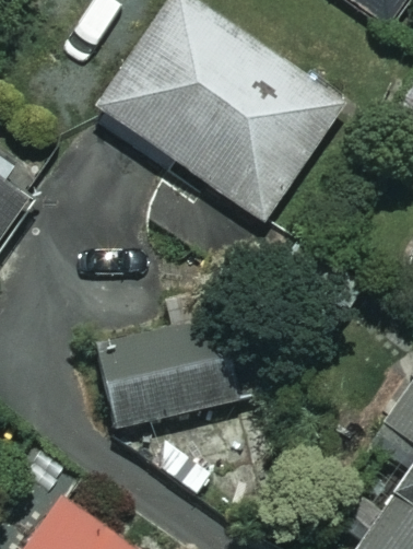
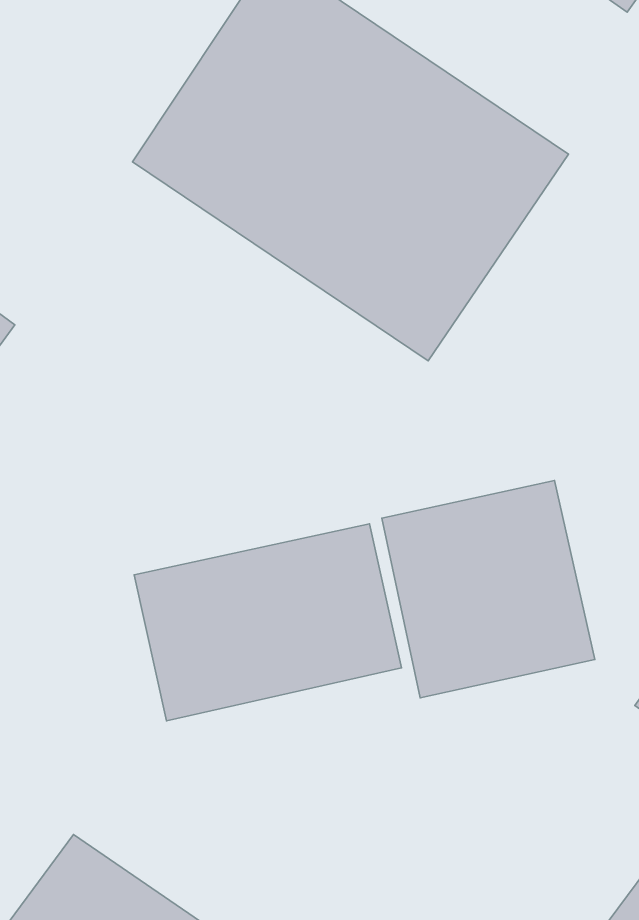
building: none -> [382,480,595,698]

